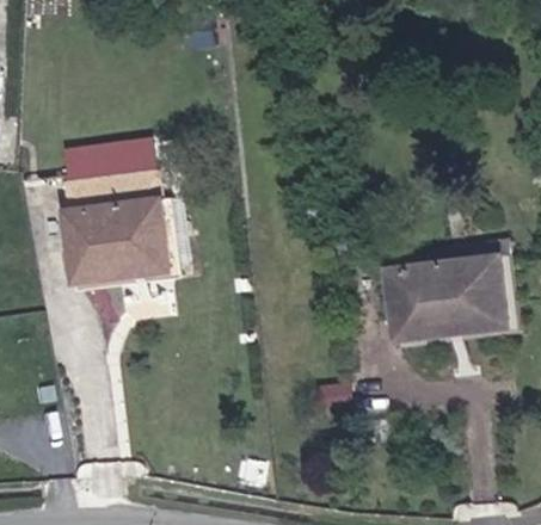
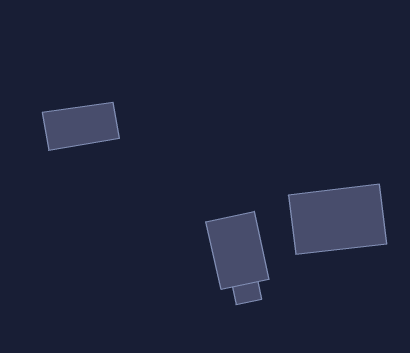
building: [60,193,176,289] -> none
building: none -> [206,211,269,289]

